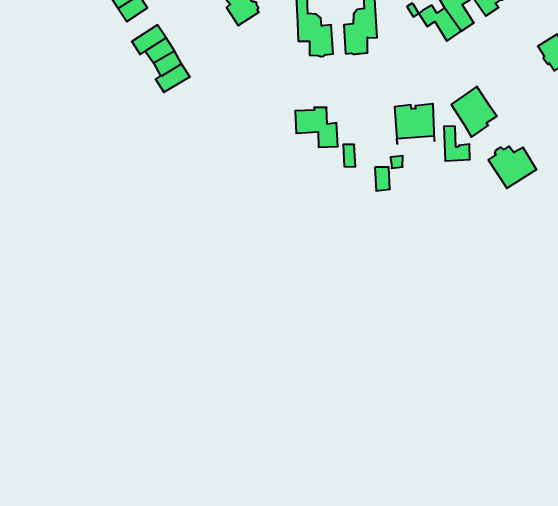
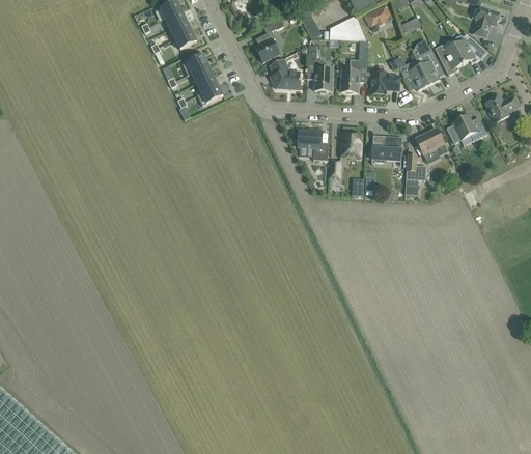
building: none -> [269,58,300,89]
building: none -> [370,70,399,93]
building: none -> [340,133,361,157]
building: [488,146,537,188] -> [451,114,486,145]

